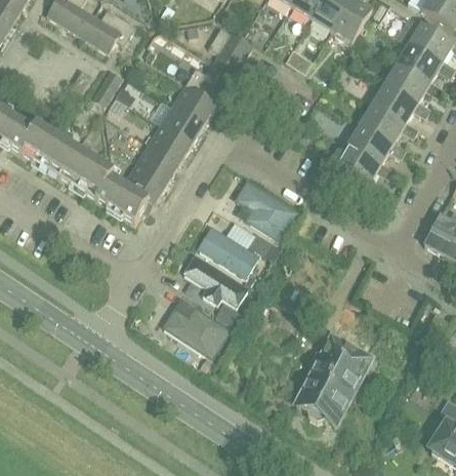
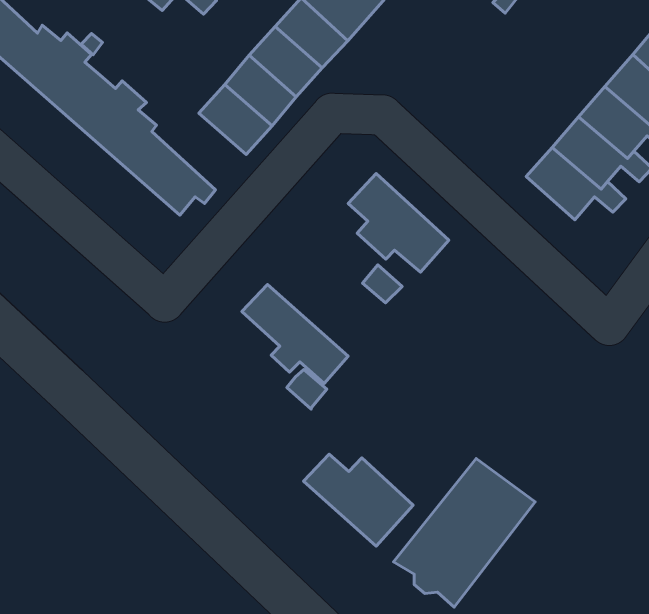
building: [124,161,168,200] -> none
building: [197,225,256,275] -> none
building: [160,306,226,356] -> [303,454,413,546]

